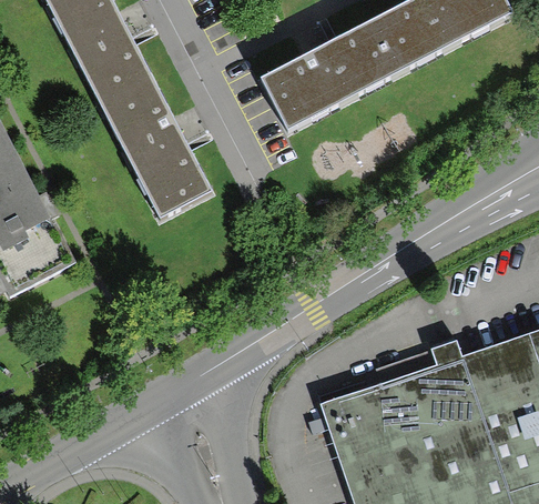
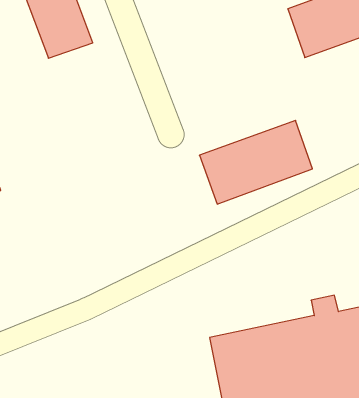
building: [262,22,390,127] -> [199,120,312,204]
building: [103,87,210,225] -> none

